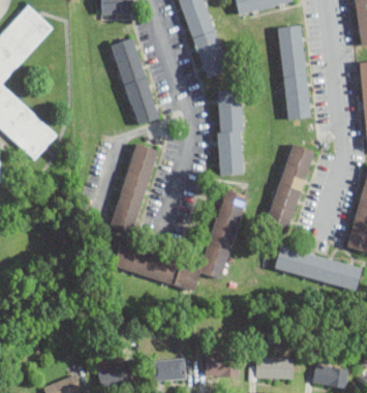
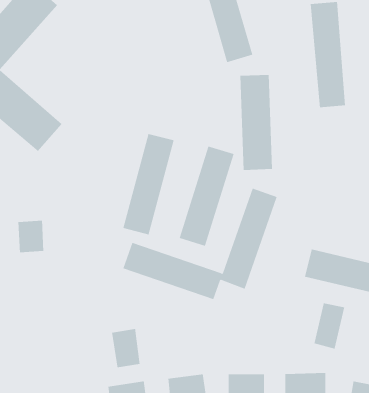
building: [111,36,159,126] -> none
building: [265,144,314,234] -> [179,146,234,246]
building: none -> [18,220,44,253]
building: none -> [314,302,345,350]
building: none -> [112,328,140,368]

